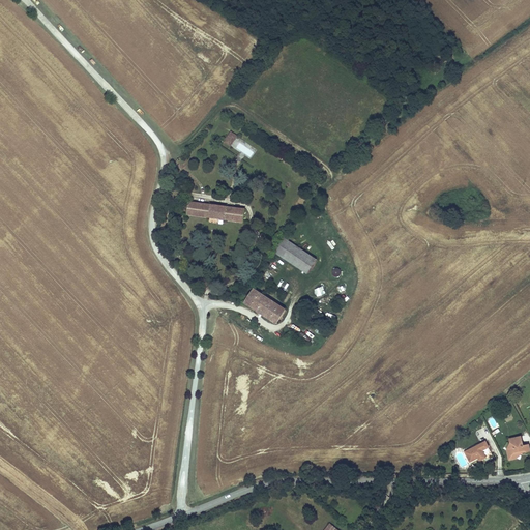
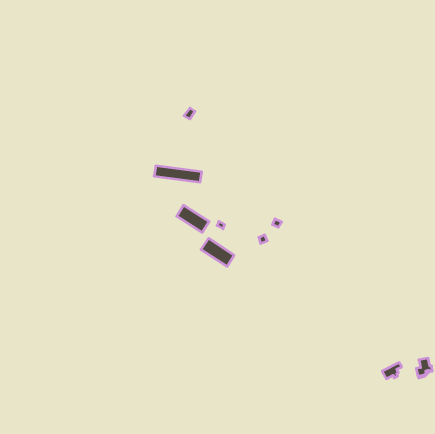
building: [276,239,316,272] -> [177,205,209,232]

